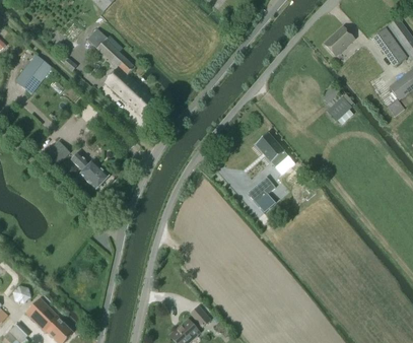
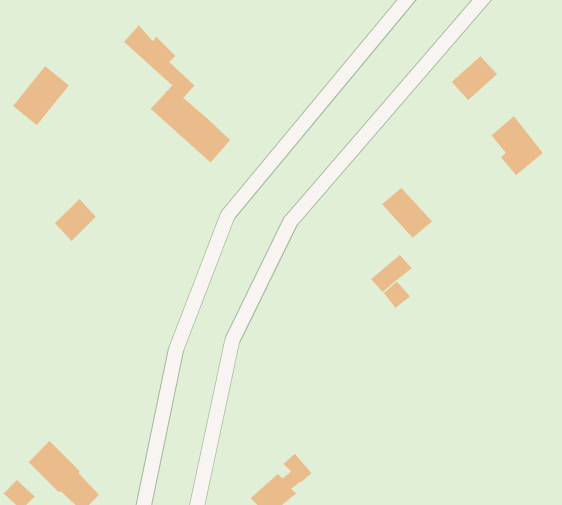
building: [324,25,354,55] -> [451,55,498,101]
building: [71,151,109,190] -> none

